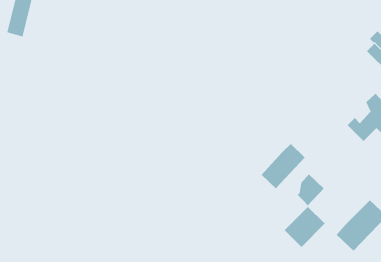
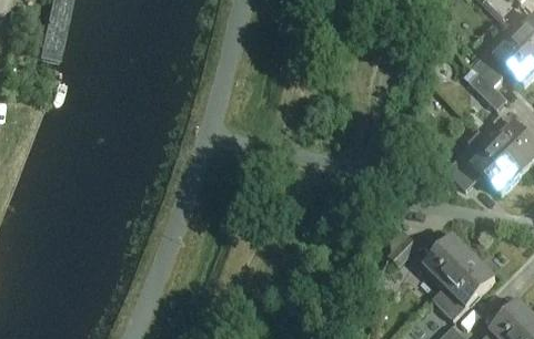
building: [261,143,305,189] -> none
building: [284,206,326,248] -> [424,236,474,286]

